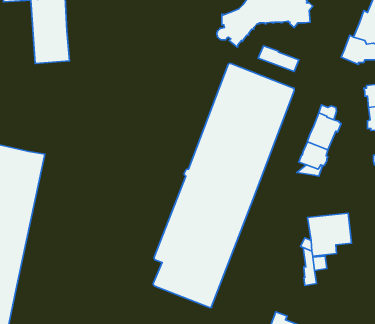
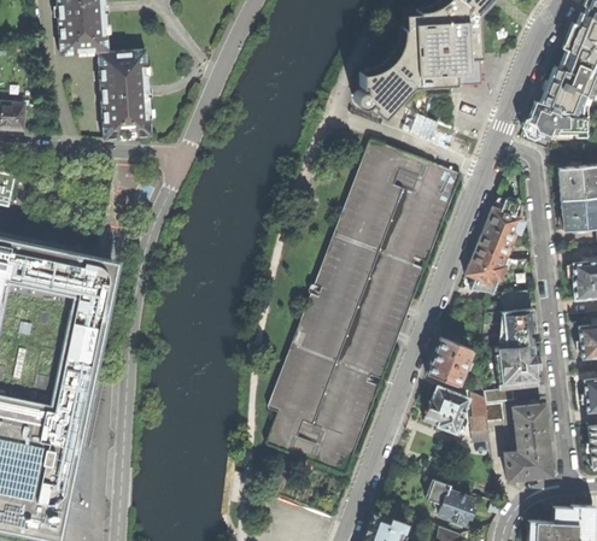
building: none -> [497,289,535,347]
building: none -> [427,336,472,384]
building: none -> [425,386,469,433]
building: none -> [504,404,550,478]

